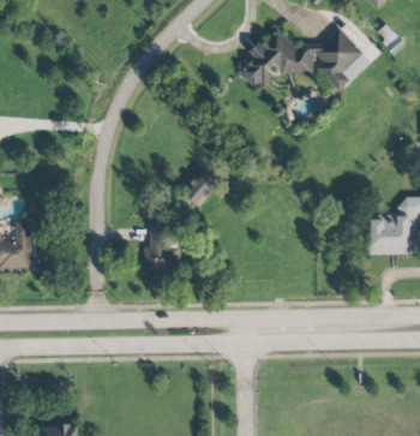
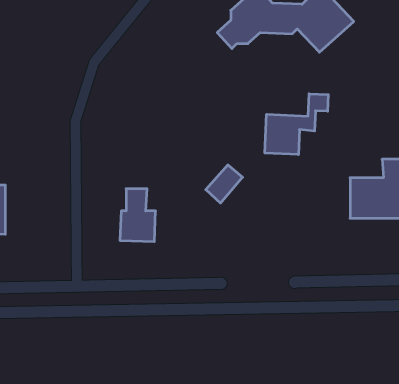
building: none -> [265,94,328,155]
building: [182,171,218,208] -> [206,165,243,203]

